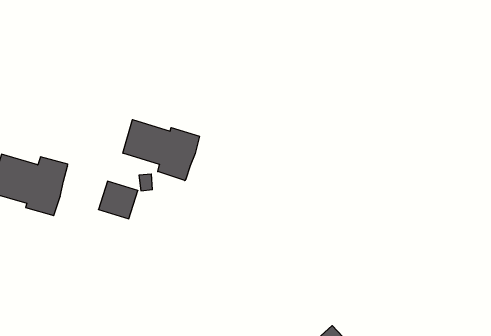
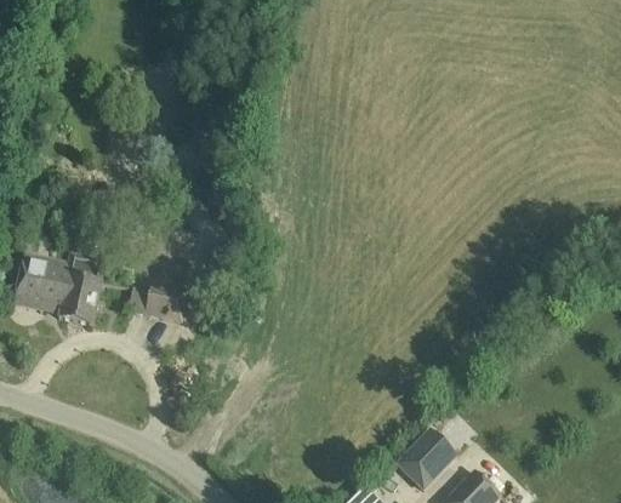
building: [123,120,199,181] -> none

